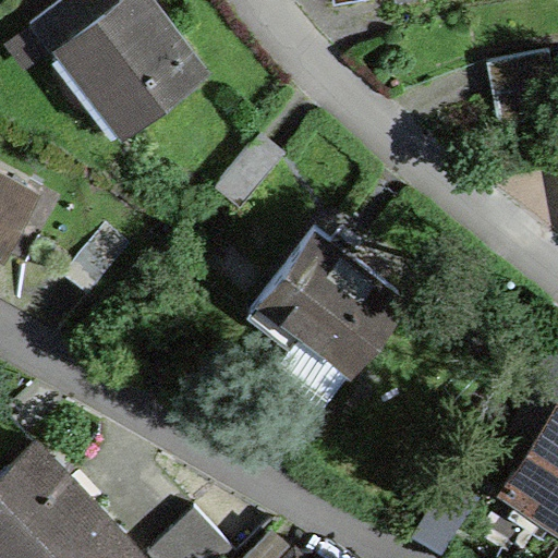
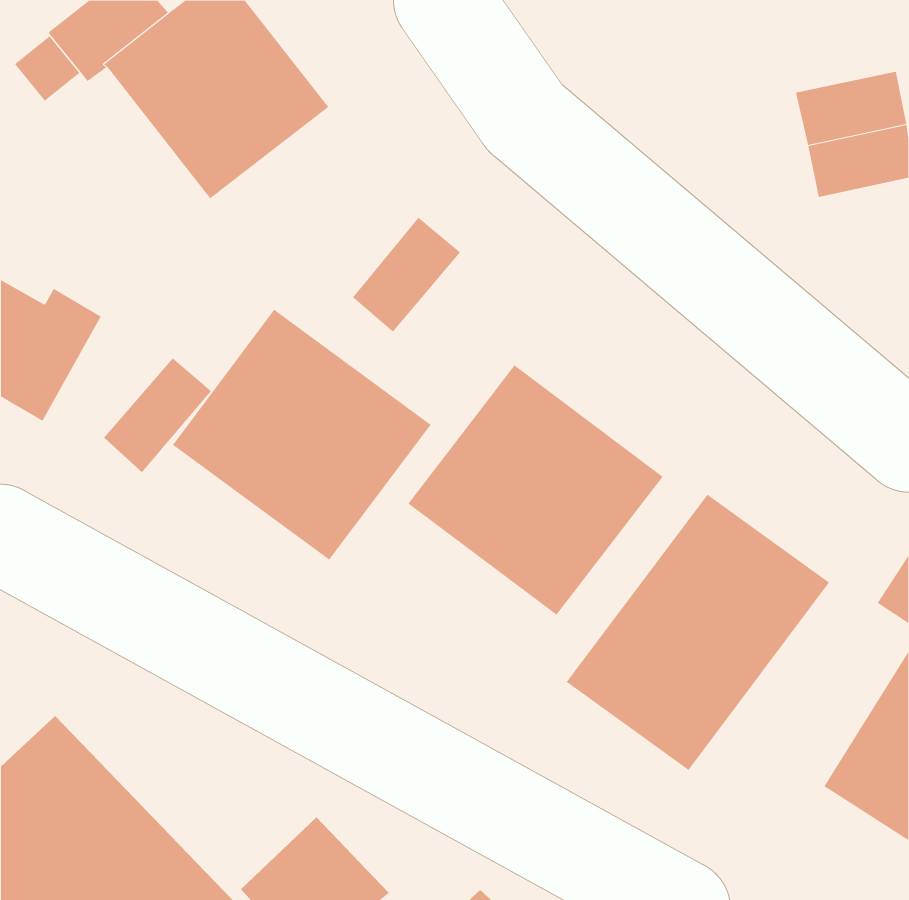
building: none -> [172,309,432,561]
building: none -> [566,494,830,771]

